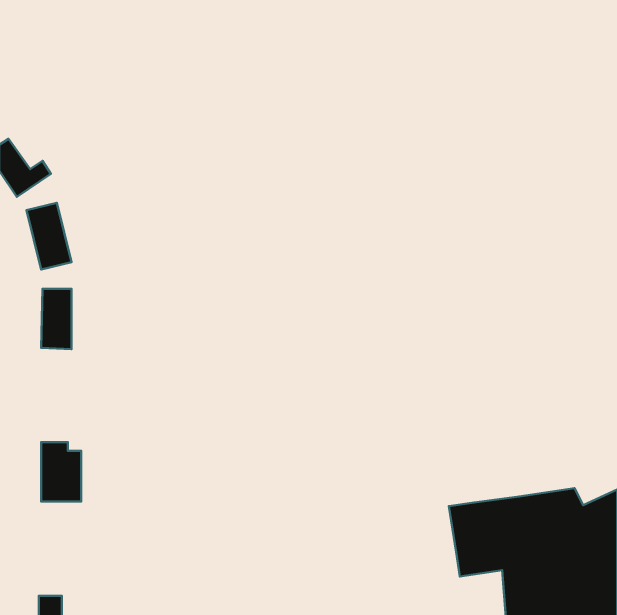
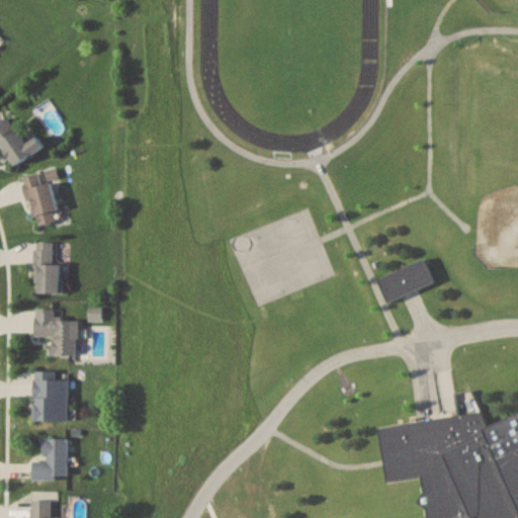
building: none -> [377,261,433,304]
building: none -> [34,311,78,357]
building: none -> [32,440,68,481]

